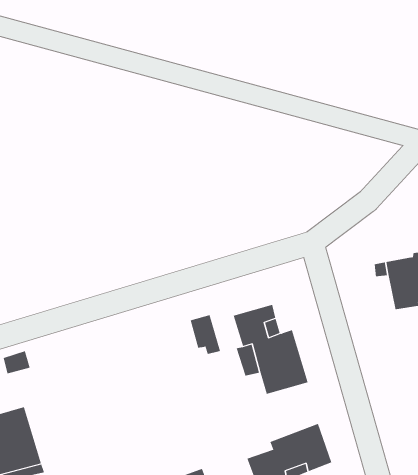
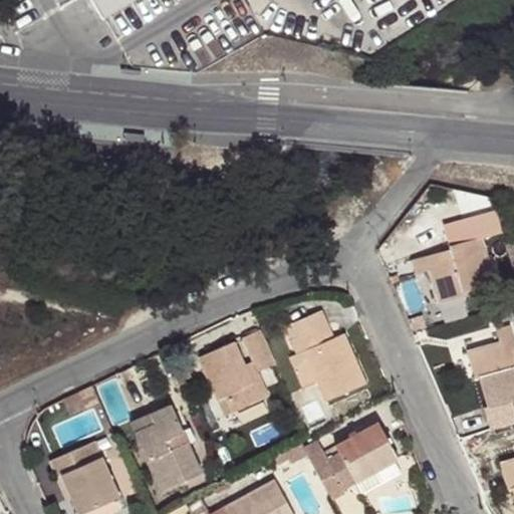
building: none -> [202,343,267,430]
building: none -> [131,405,203,492]

